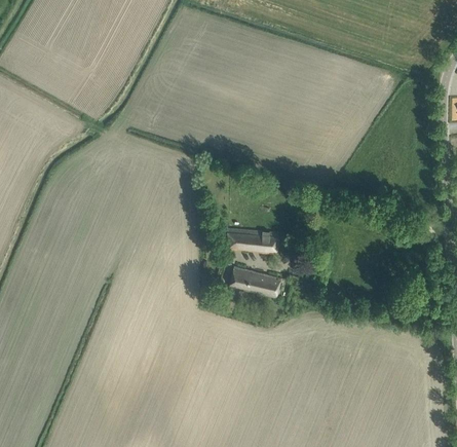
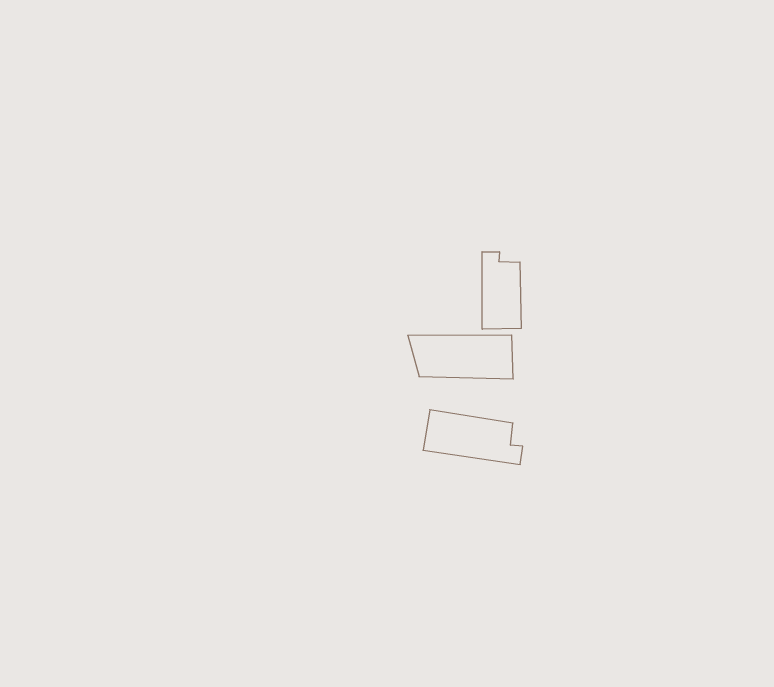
building: none -> [482,252,521,329]

